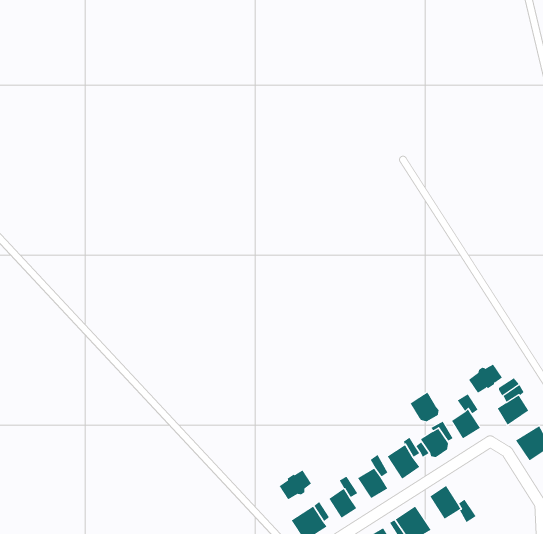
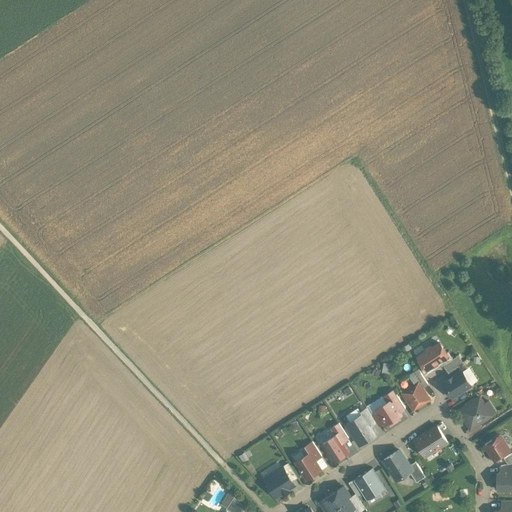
building: [410,392,439,422] -> none
building: none -> [413,426,446,457]
building: [279,470,312,500] -> none

